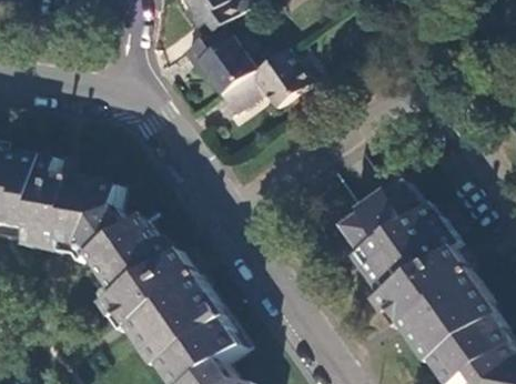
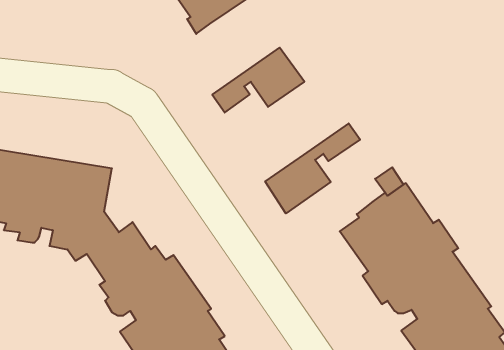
building: [180,27,252,95] -> none
building: none -> [265,123,360,213]

